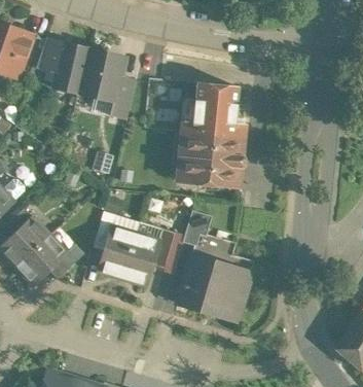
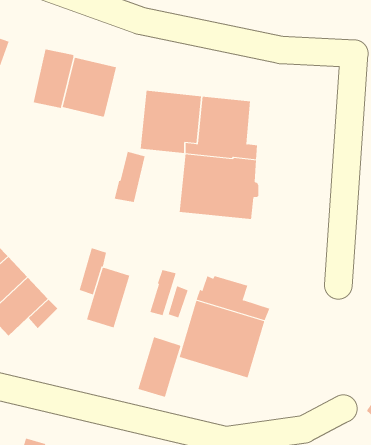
building: [37,40,64,70] -> none
building: [109,75,136,118] -> [114,151,145,202]
building: [182,210,212,246] -> none
building: [122,234,159,285] -> [138,337,181,398]

